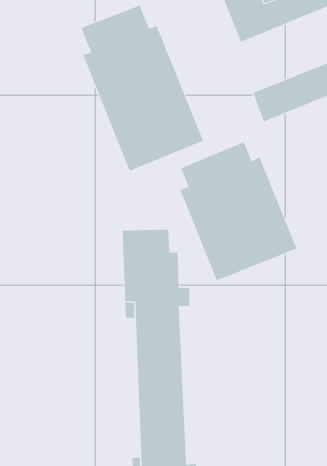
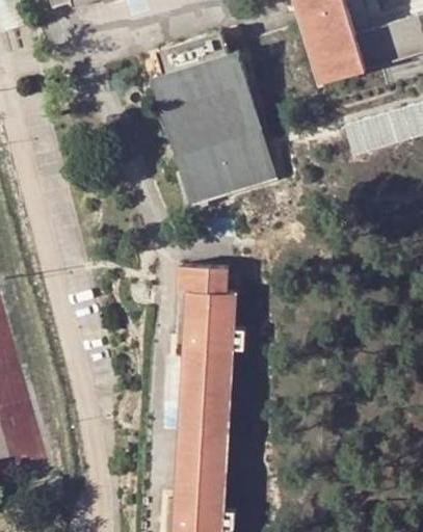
building: [180,142,297,281] -> none

